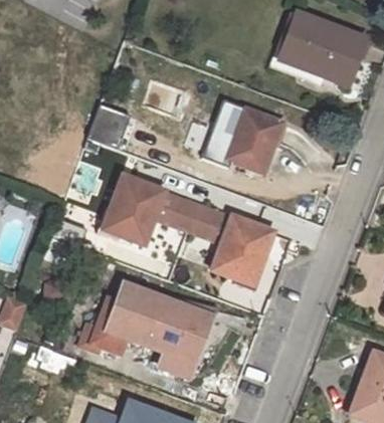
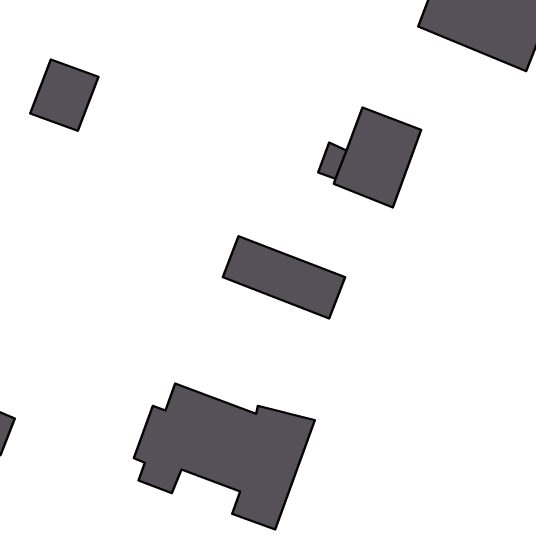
building: [88,104,132,150] -> [30,60,98,131]
building: [99,174,165,243] -> none
building: [212,216,272,289] -> none

